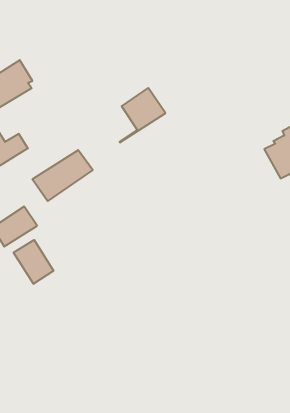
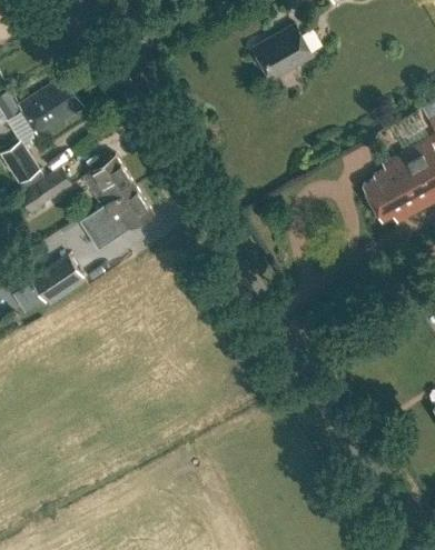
building: none -> [253,27,312,81]
building: [120,88,165,142] -> [79,157,135,223]
building: [14,240,53,284] -> none

